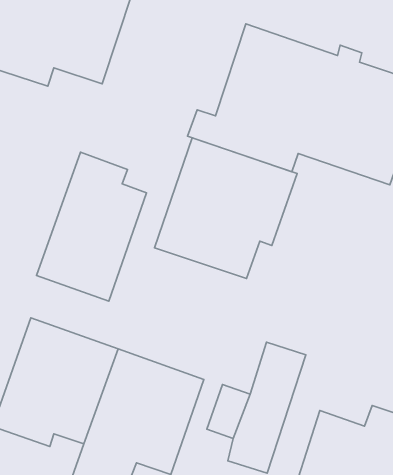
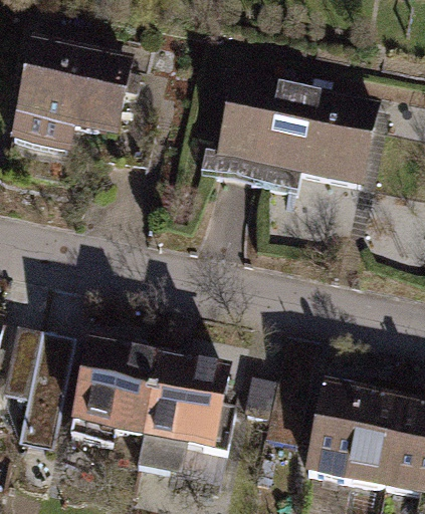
building: [155,138,297,279] -> none
building: [37,152,147,301] -> none

